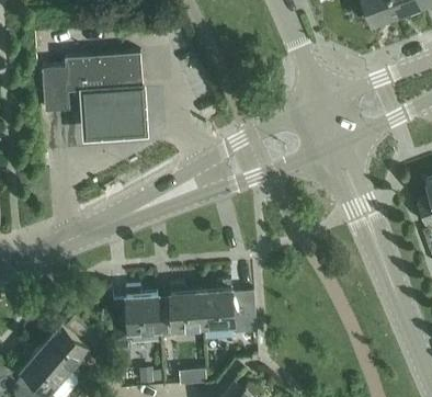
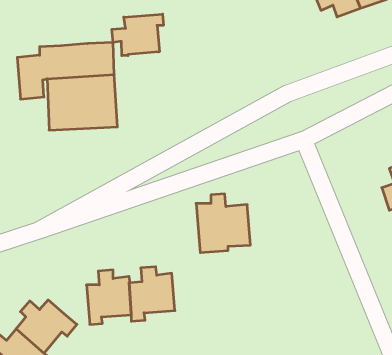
building: none -> [112,14,163,56]
building: [201,280,257,340] -> [196,194,250,253]

